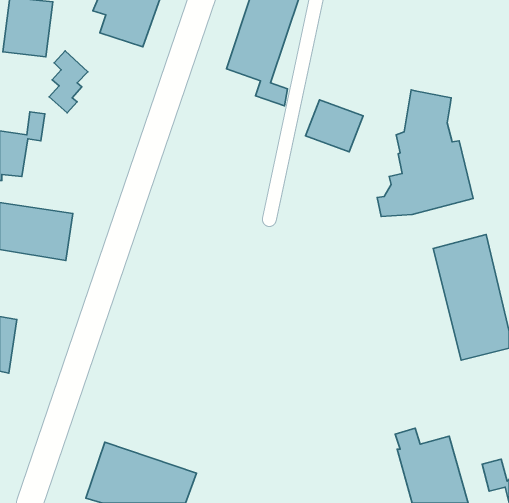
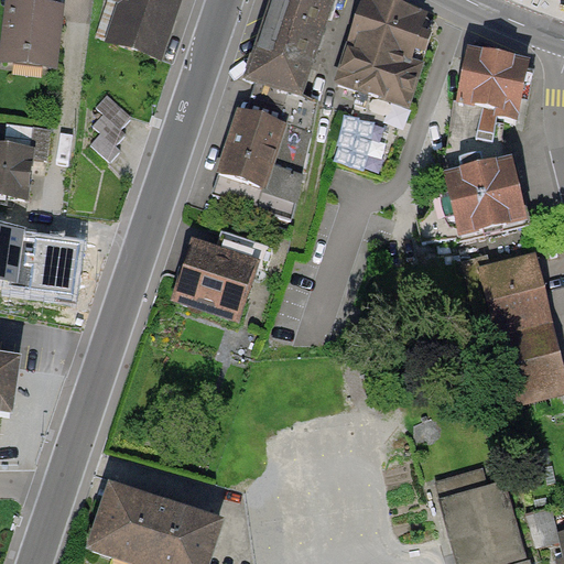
building: none -> [339,6,435,108]
building: none -> [458,51,528,120]
building: [49,51,88,113] -> [89,89,132,158]
building: none -> [214,106,314,217]
building: none -> [176,234,272,316]

